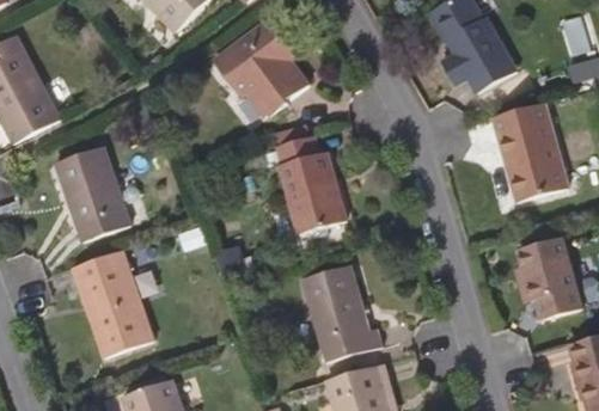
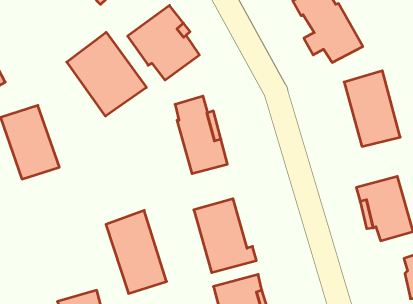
building: none -> [67,32,146,116]
building: [73,249,151,355] -> [106,210,167,293]

